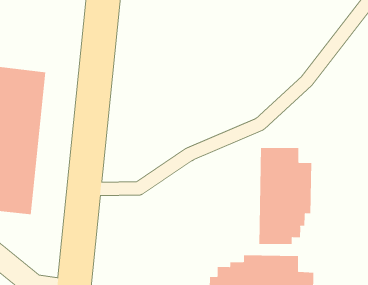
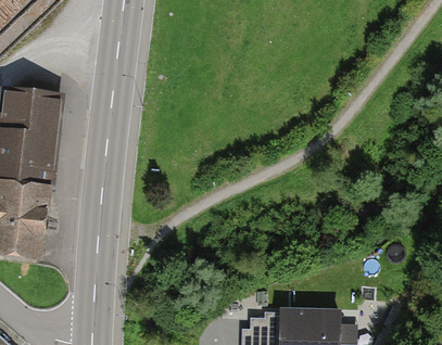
building: [259,147,312,245] -> none

